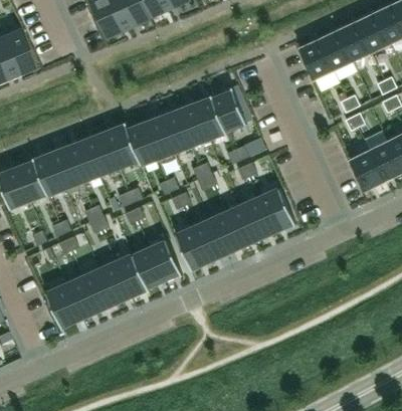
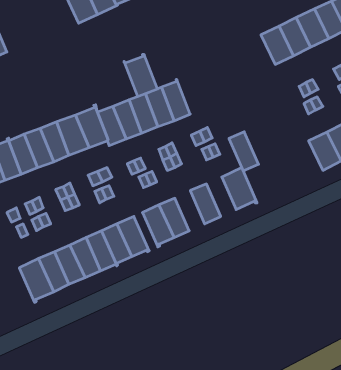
building: [212,87,247,132] -> [124,55,158,97]
building: [243,198,274,239] -> [229,132,259,171]
building: [210,212,241,254] -> none

